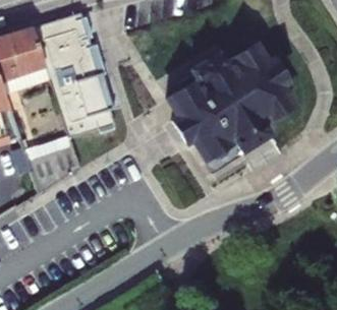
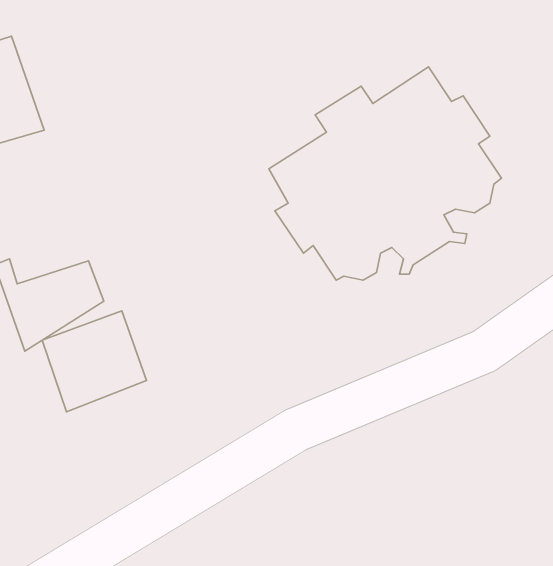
building: [32,10,113,134] -> none
building: none -> [42,311,147,412]

